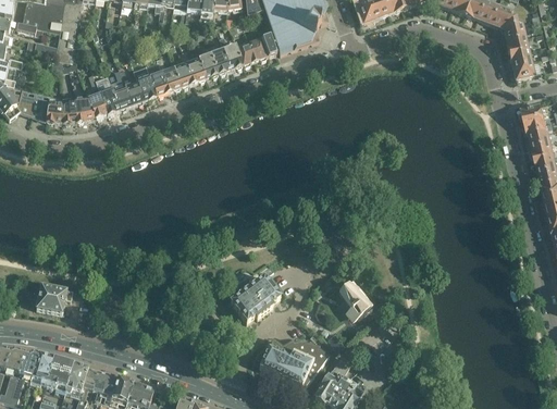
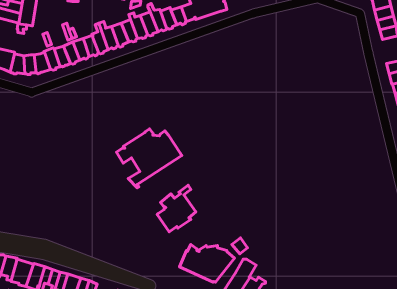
building: none -> [116,129,182,188]
building: [338,282,371,318] -> none
building: [36,286,72,314] -> none

